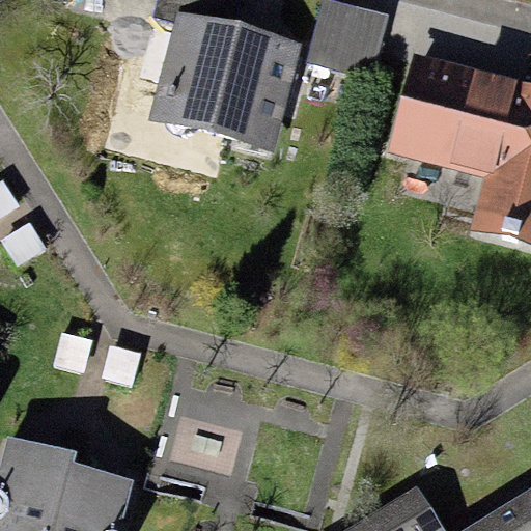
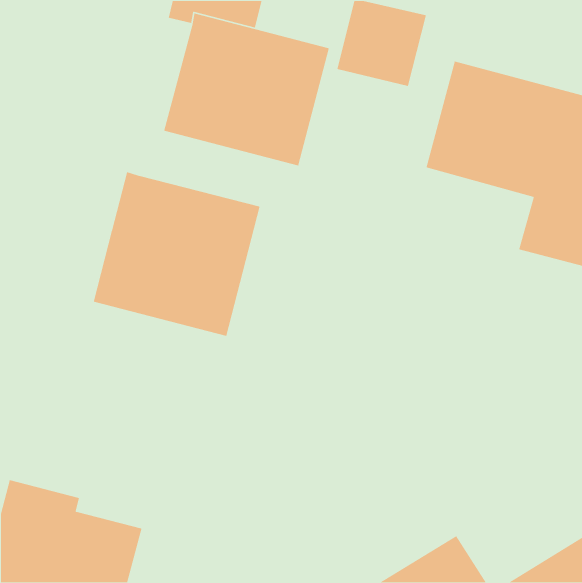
building: none -> [93,171,261,337]

